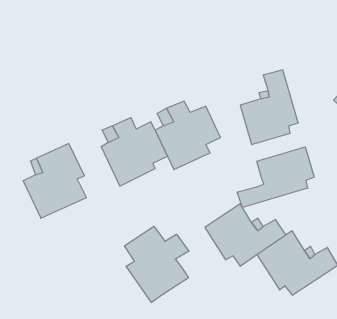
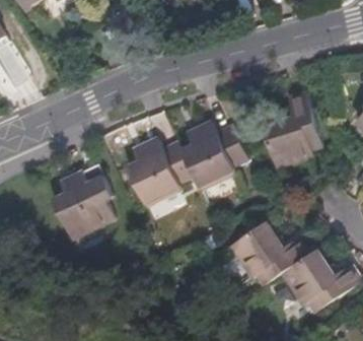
building: [237,147,314,207] -> none
building: [125,226,189,303] -> none

